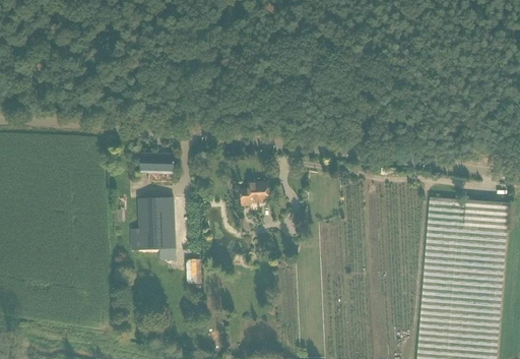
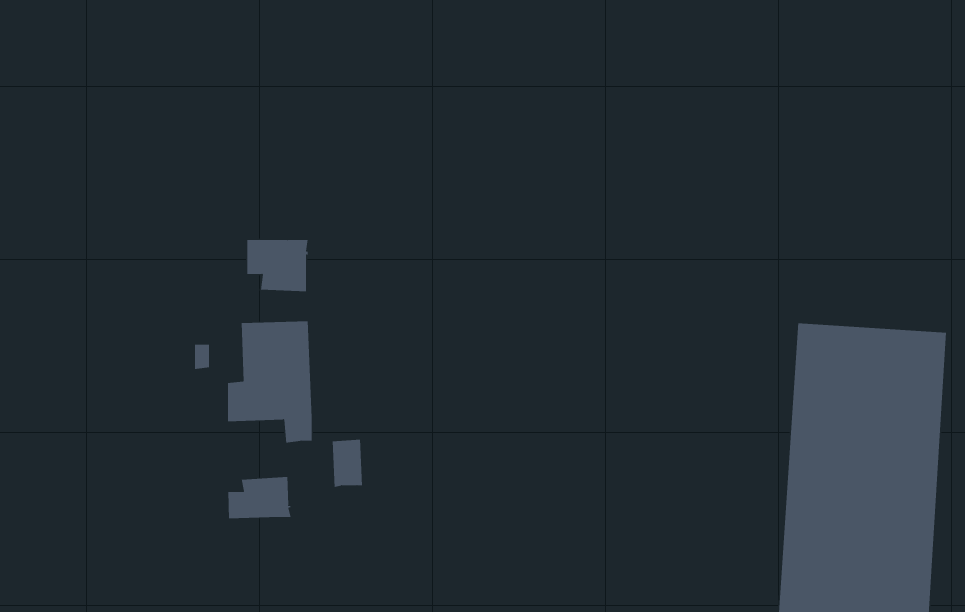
building: [241,180,267,203] -> none
building: none -> [228,476,291,519]

